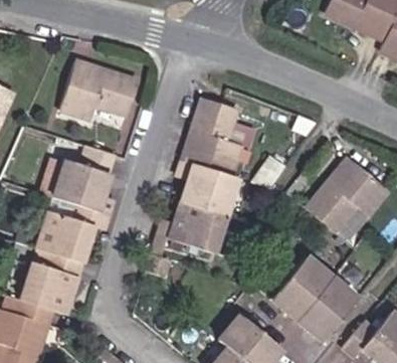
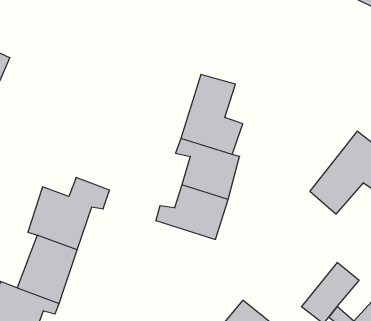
building: [58,57,137,120] -> none
building: [59,153,120,209] -> none
building: [272,260,333,321] -> none

